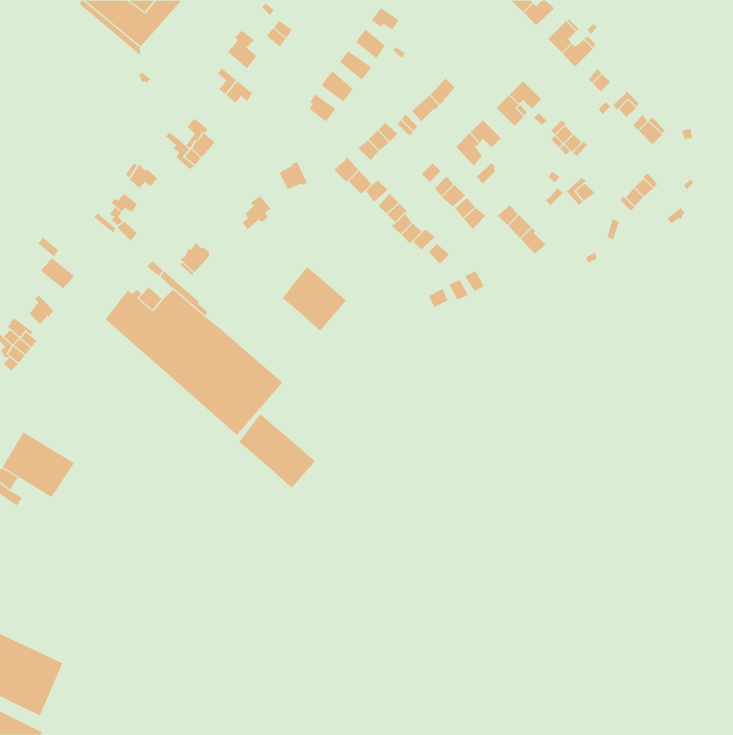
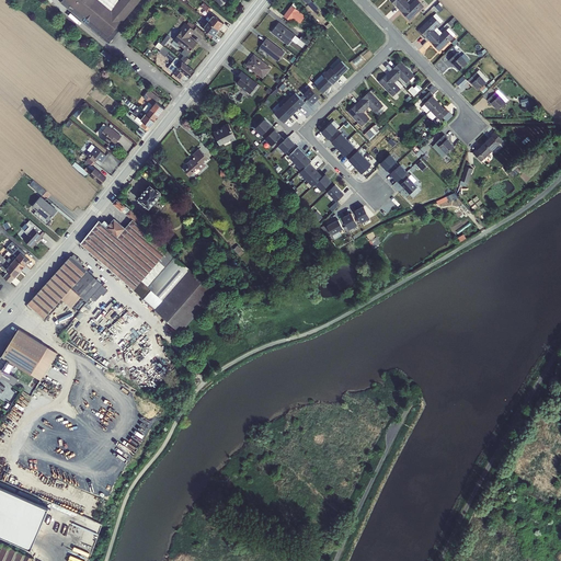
building: [282,266,347,331] -> none
building: none -> [26,255,101,319]
building: [238,413,316,488] -> none

